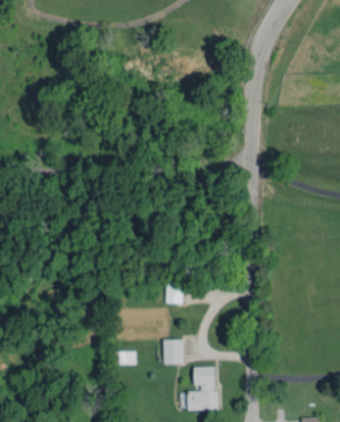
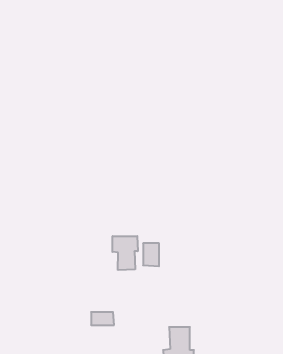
building: none -> [112,236,138,270]
building: [163,339,184,365] -> none

